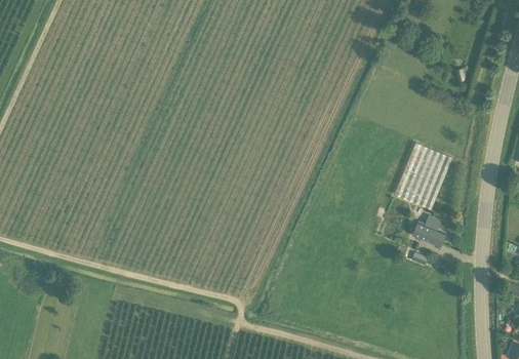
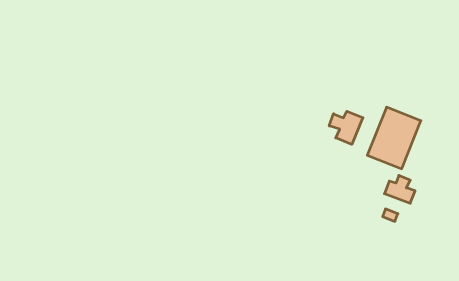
building: none -> [329,111,363,144]

